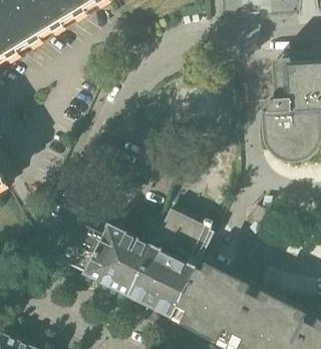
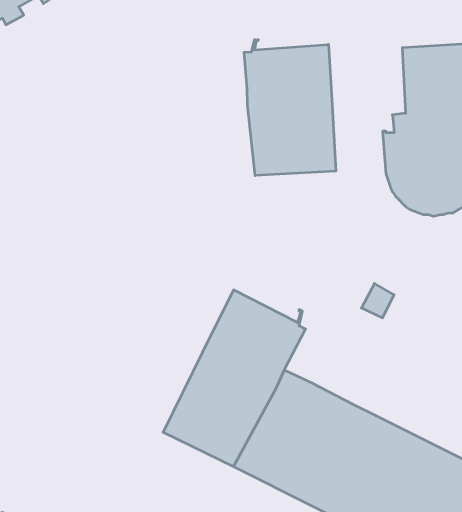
building: none -> [244,40,336,176]
building: [63,218,150,295] -> none

